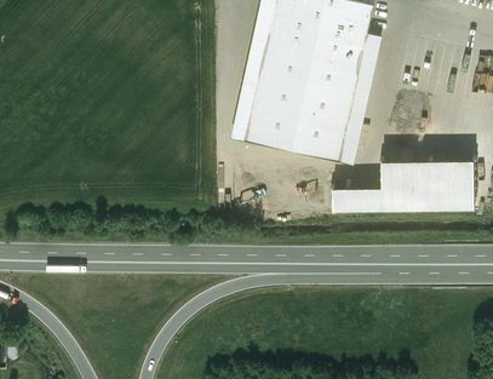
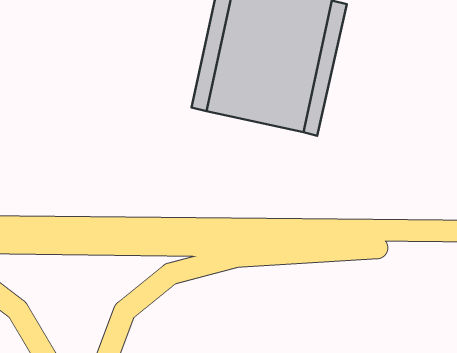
building: [332,159,474,209] -> none

